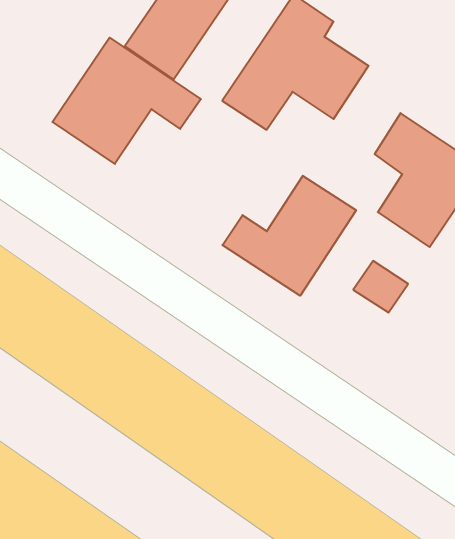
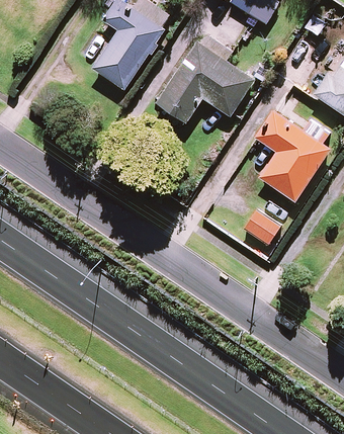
building: [52,38,201,164] -> none
building: [222,176,356,296] -> none

